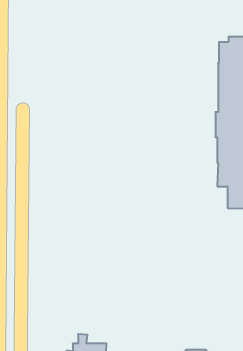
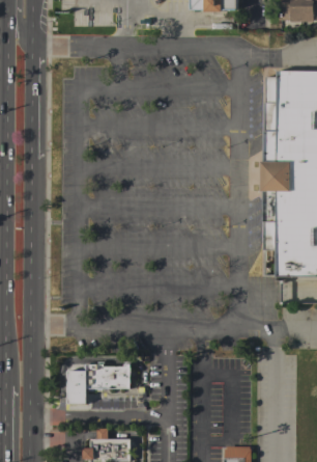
building: none -> [66,361,131,404]

